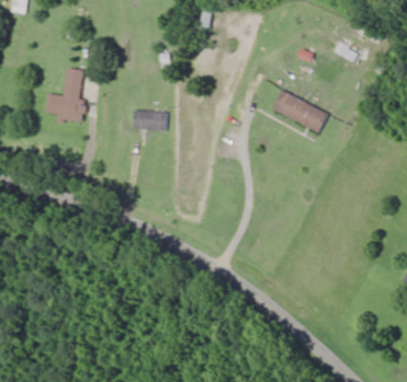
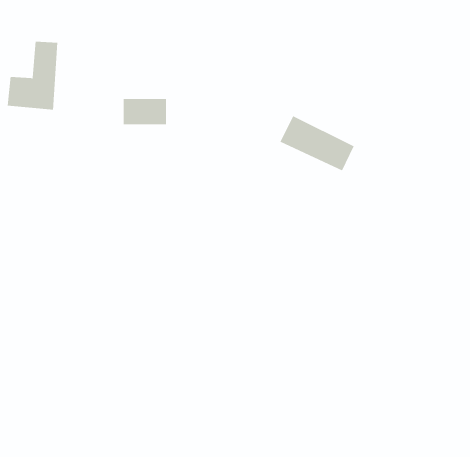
building: [271,90,327,131] -> [279,115,354,171]

